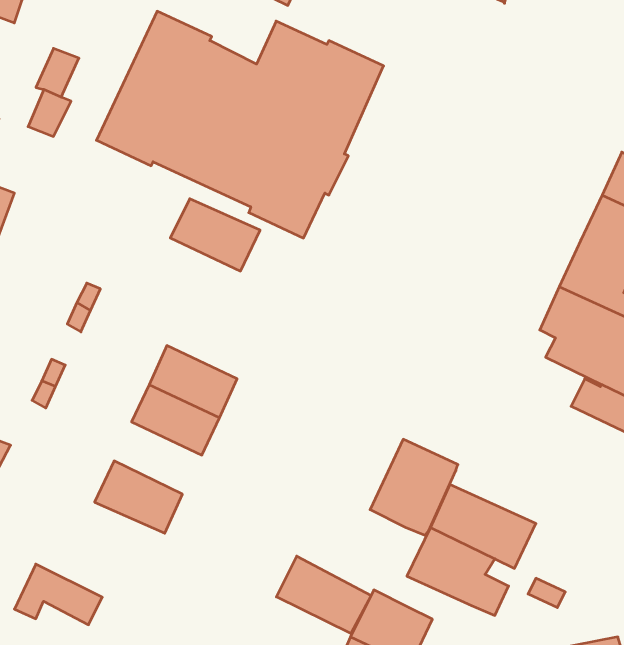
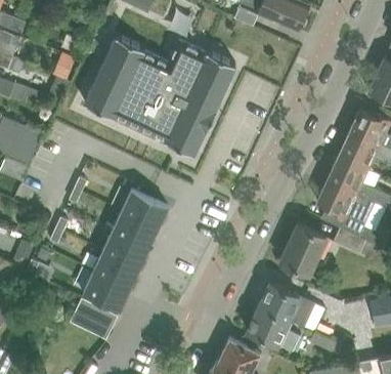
building: [170,199,260,271] -> [121,191,168,228]
building: none -> [93,251,139,289]
building: [370,439,458,535] -> [279,224,325,275]
building: [276,556,371,634] -> none
building: [14,564,102,625] -> [71,299,117,331]

